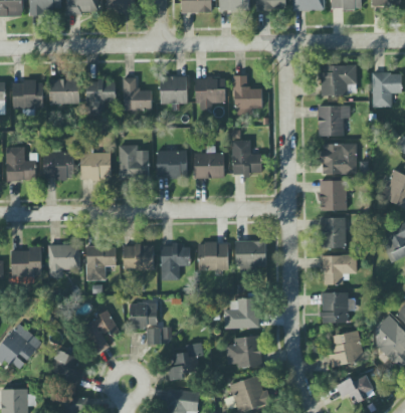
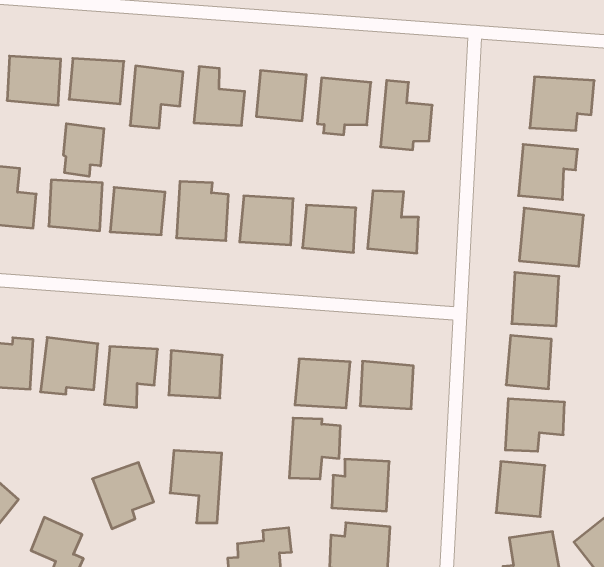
building: none -> [64,124,104,176]
building: [161,244,190,280] -> [289,418,340,479]

